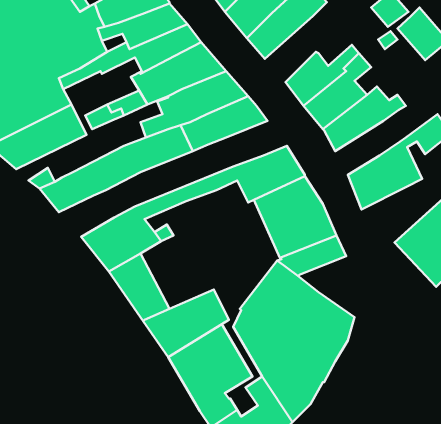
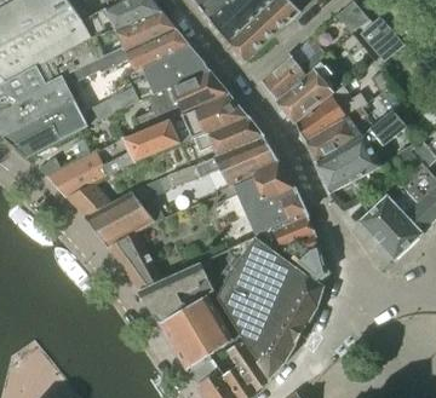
building: none -> [305,105,367,162]
building: none -> [194,115,263,155]
building: none -> [63,180,111,217]
building: none -> [272,233,328,287]

